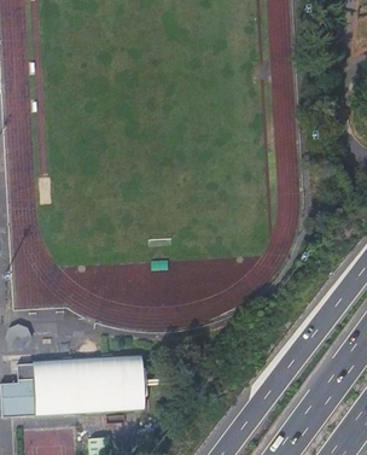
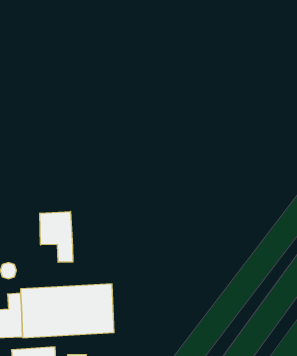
building: none -> [40,211,73,262]

